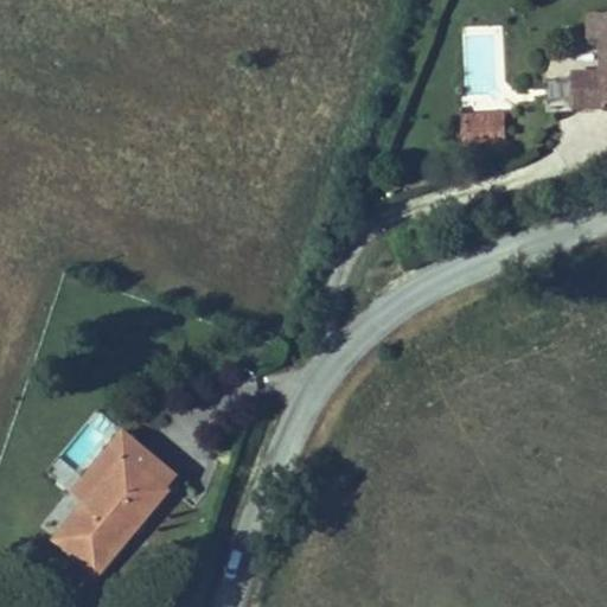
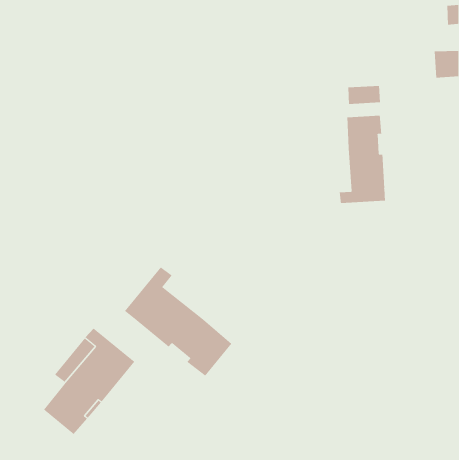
building: none -> [339,115,386,204]
building: none -> [124,266,232,376]

